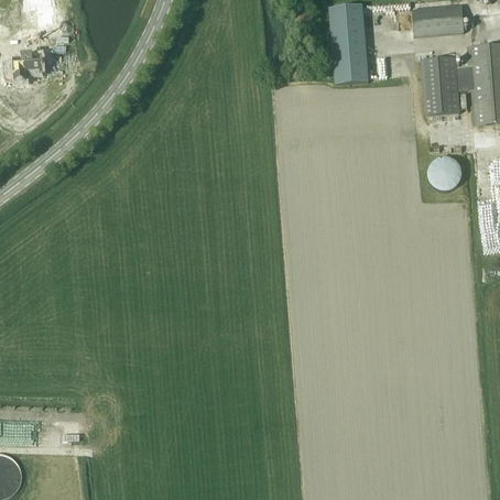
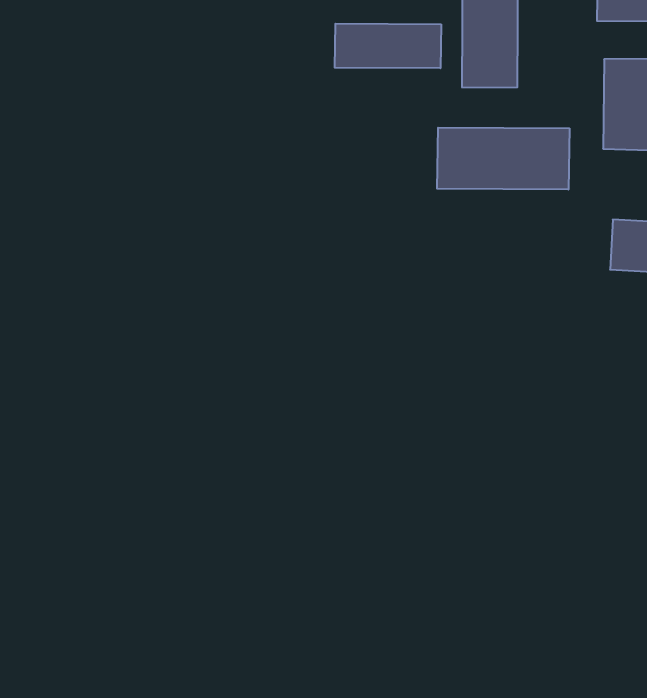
building: none -> [335,24,441,68]
building: none -> [437,128,569,190]

